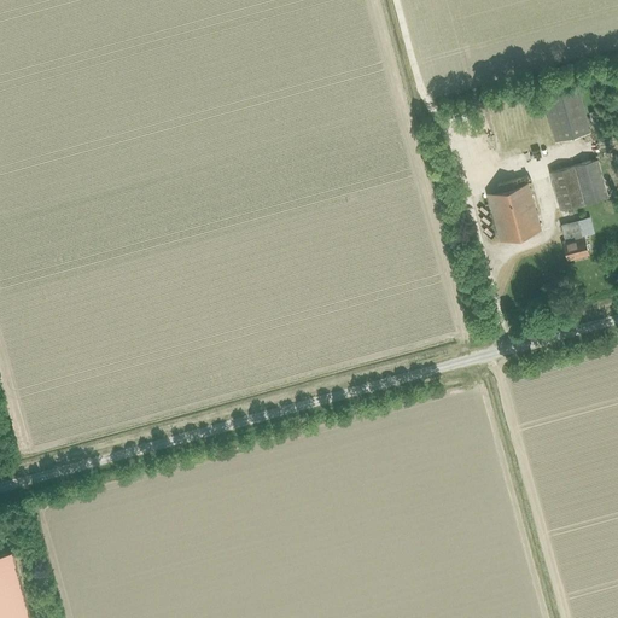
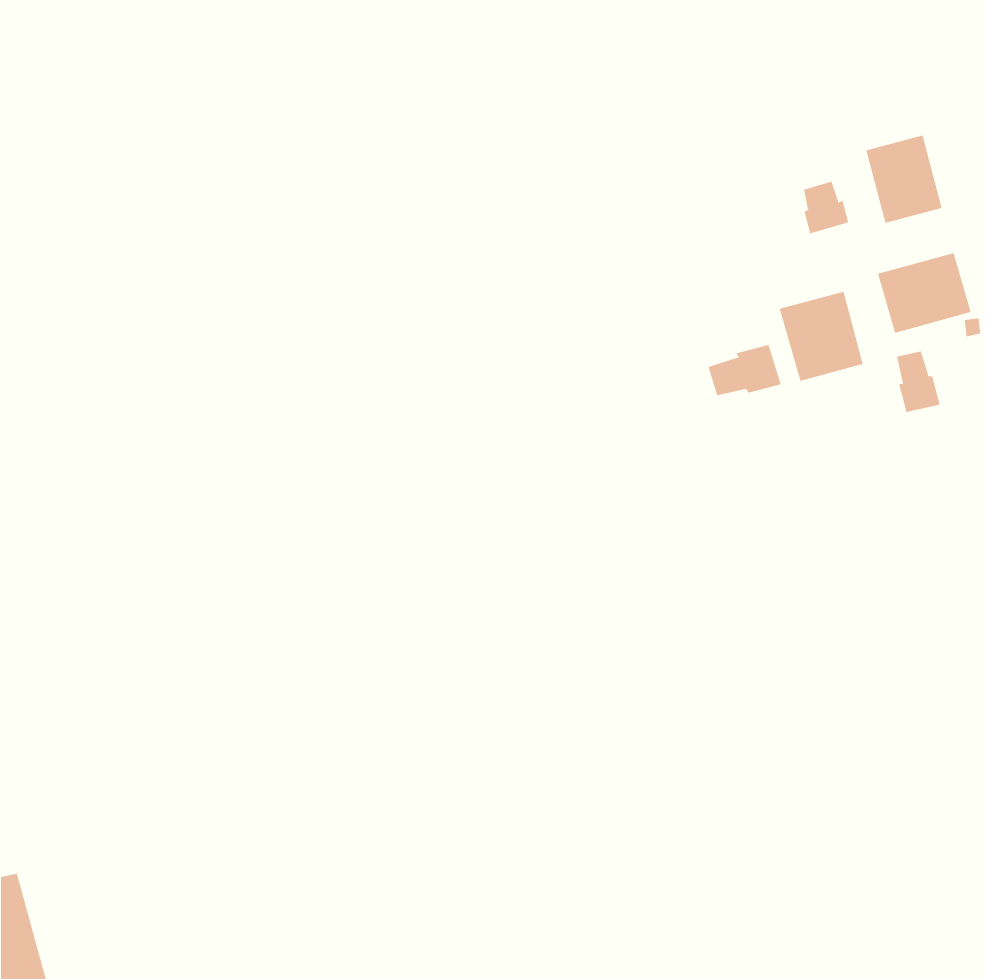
building: none -> [803,181,849,234]
building: none -> [708,344,781,396]

